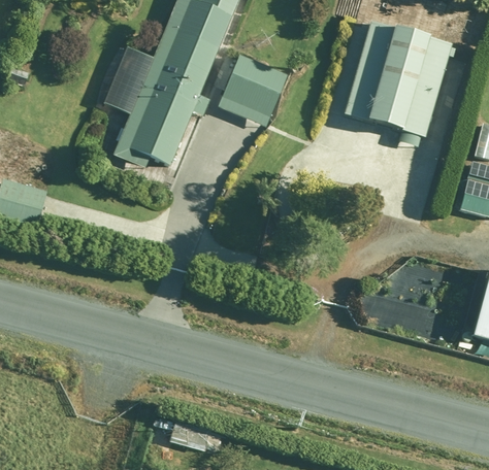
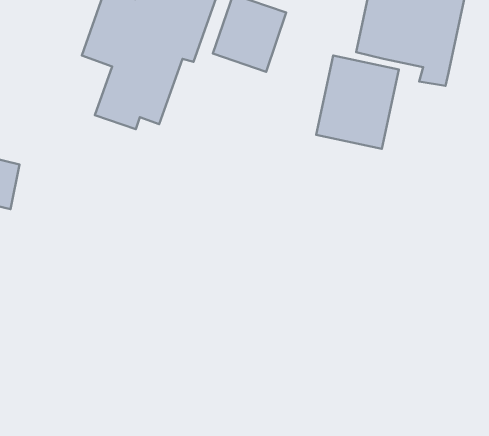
building: none -> [316,55,399,149]

